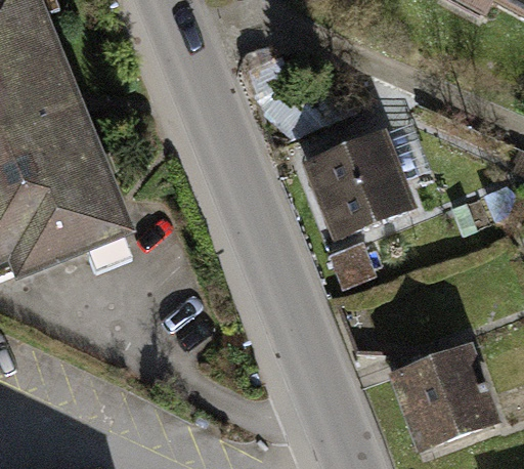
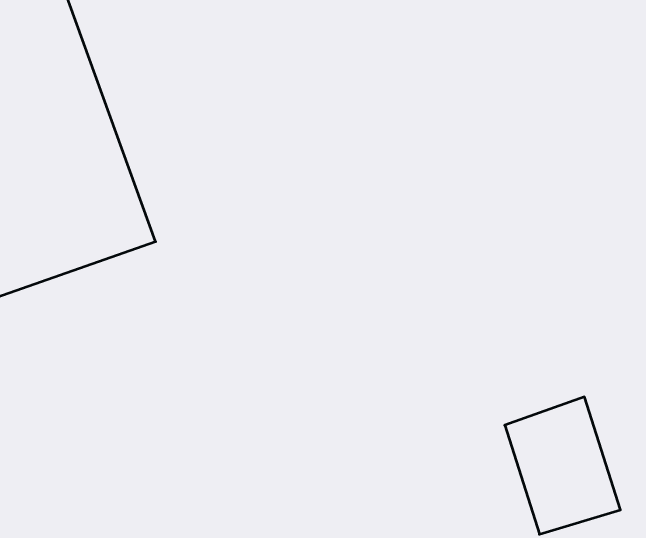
building: [297,126,418,243] -> none

